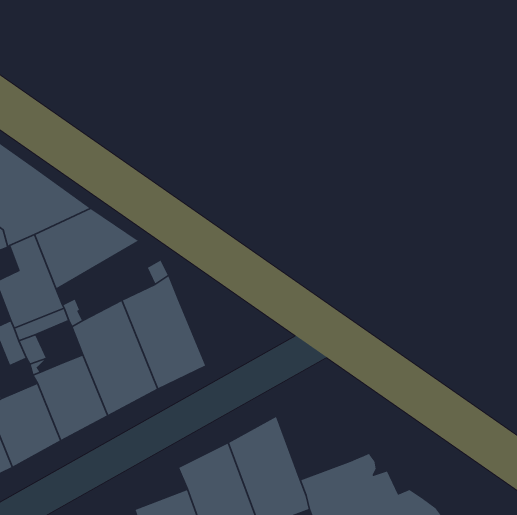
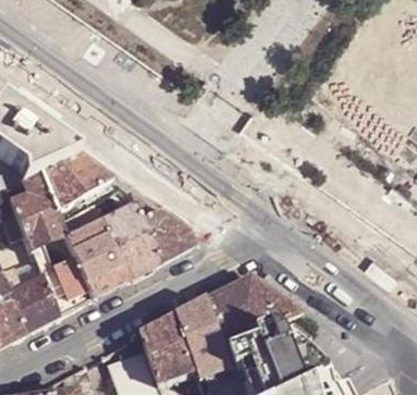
building: none -> [137,209,192,264]
building: none -> [206,276,301,344]

